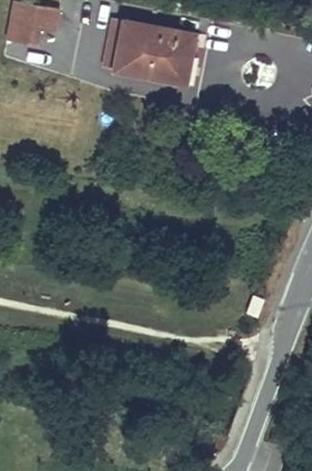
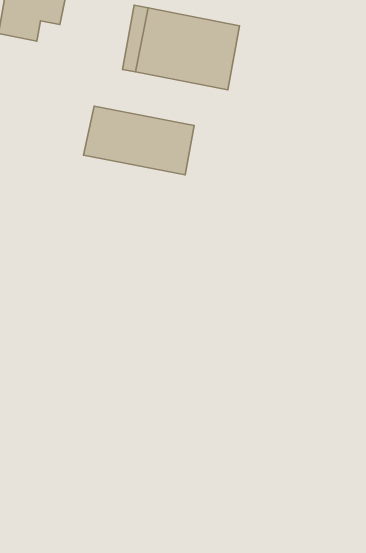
building: none -> [83,106,194,175]

